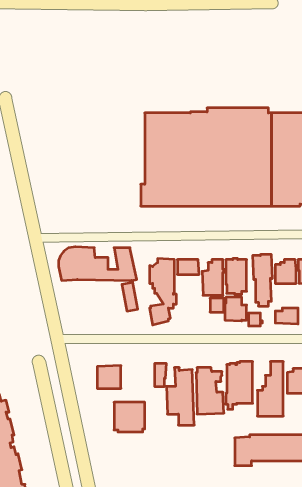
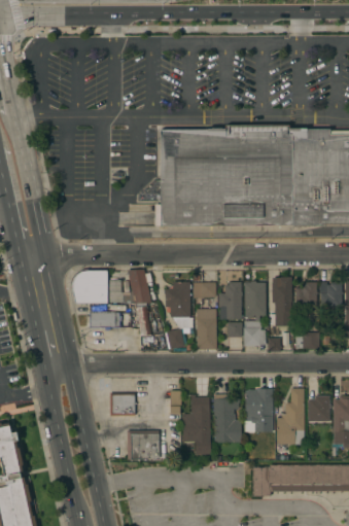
building: none -> [195,309,216,349]
building: none -> [90,312,119,327]

